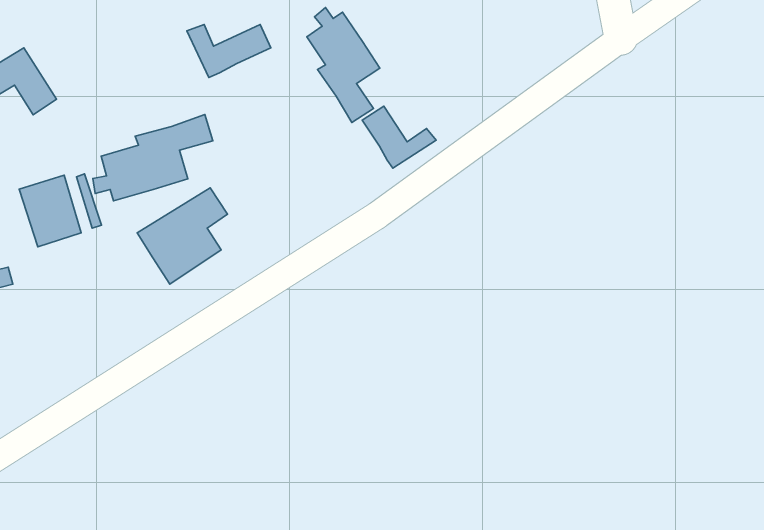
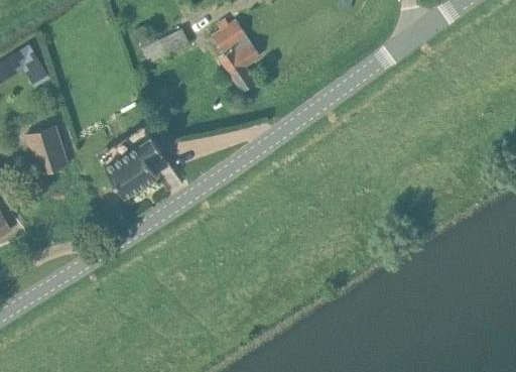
building: [362,106,436,168] -> none
building: [93,115,213,201] -> none

